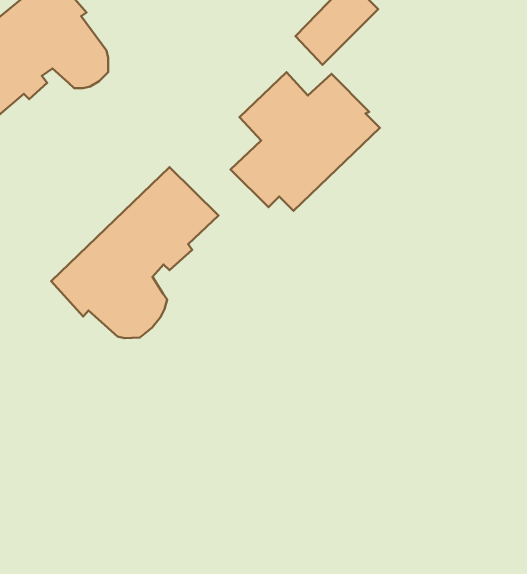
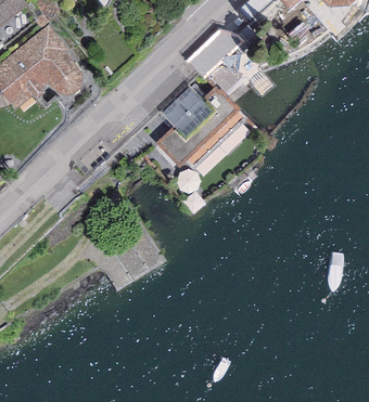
building: [51,167,219,338] -> none

